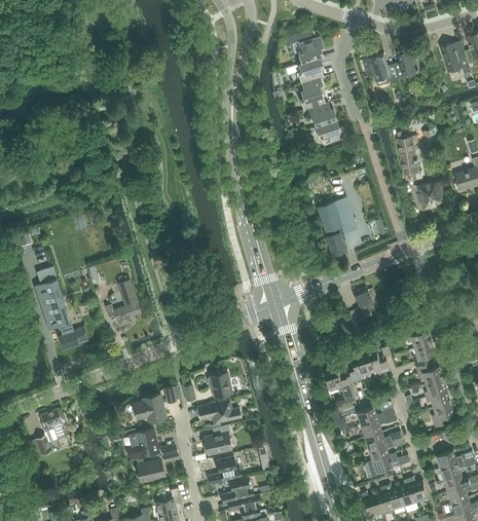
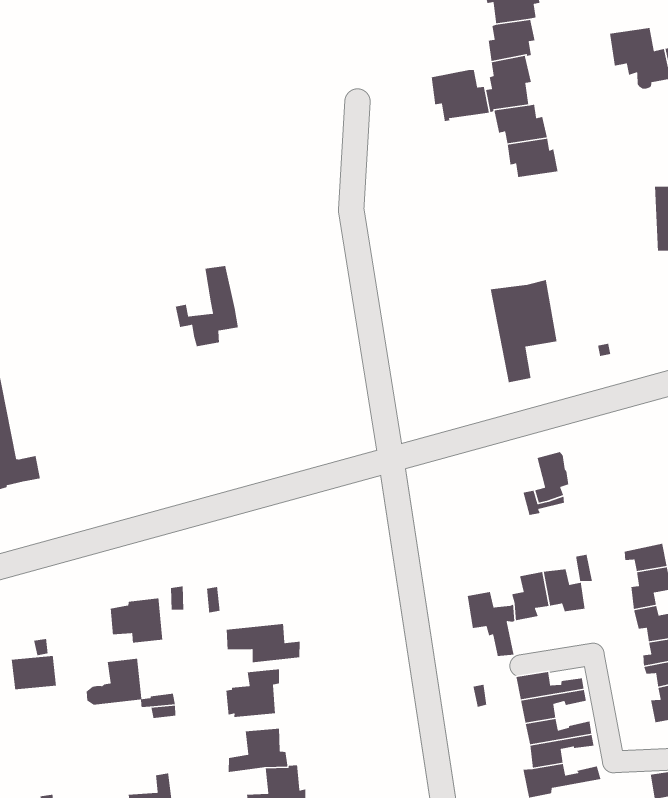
building: none -> [431,69,490,122]
building: [104,280,140,326] -> [175,265,239,347]
building: [207,373,230,397] -> none
building: [137,459,163,481] -> [11,655,57,690]

